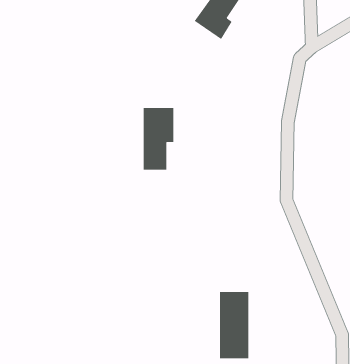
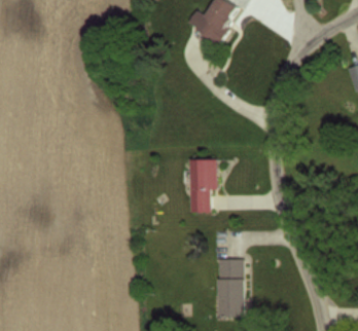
building: [143,108,174,170] -> [189,159,216,213]

